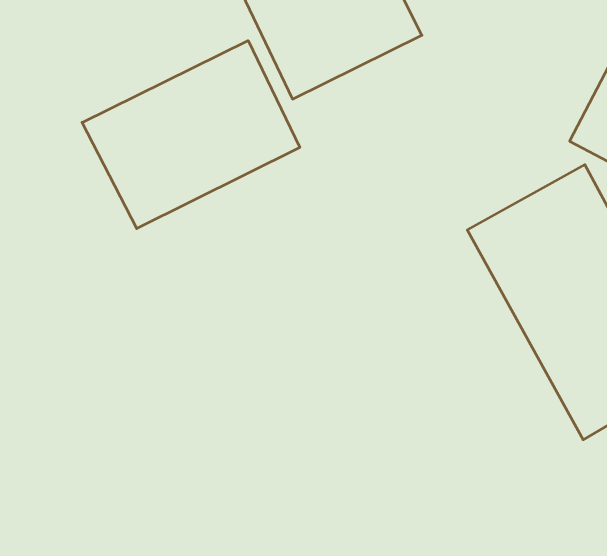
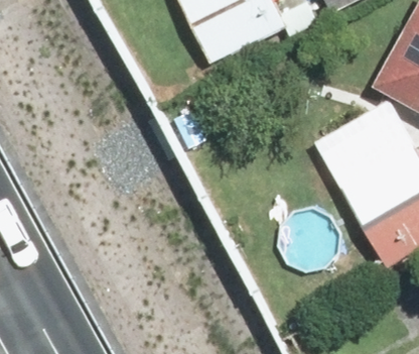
building: [82,41,300,229] -> none

